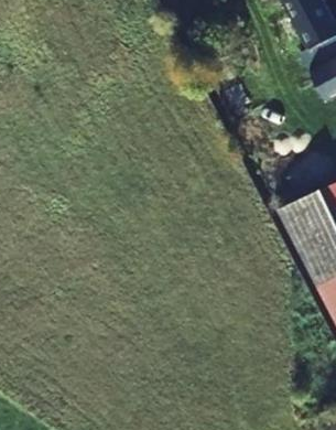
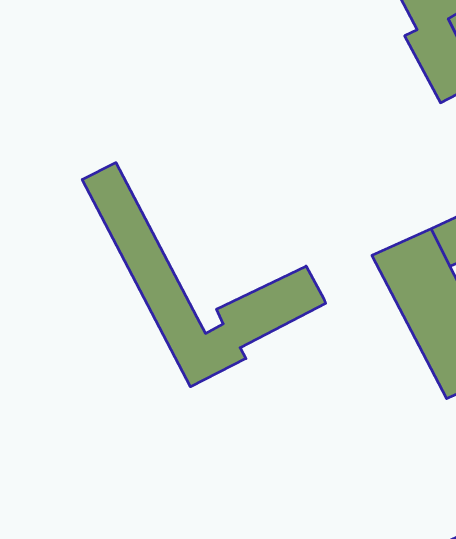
building: none -> [82,163,326,387]

